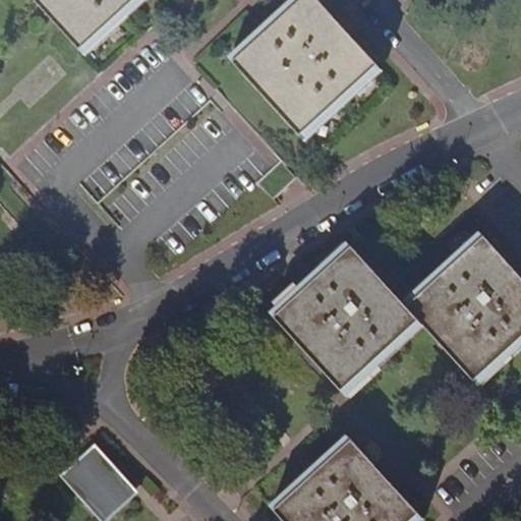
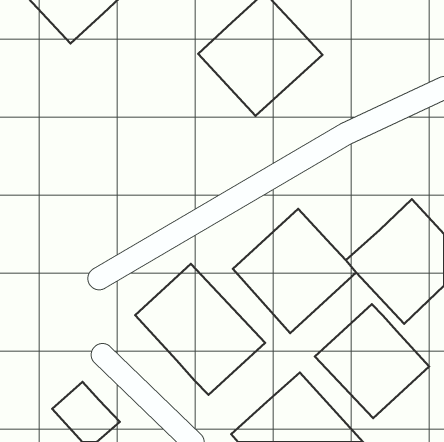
building: none -> [135,264,265,395]
building: none -> [315,304,429,418]

